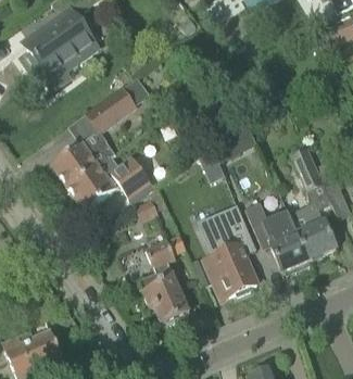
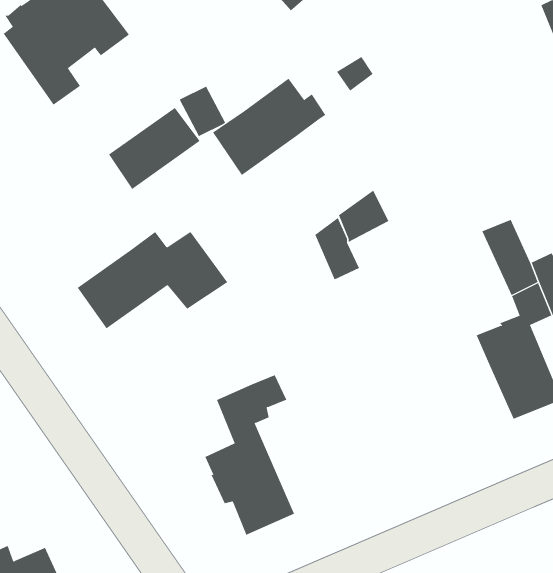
building: [52,132,115,187] -> [212,78,326,176]
building: [247,203,310,271] -> none
building: [198,204,257,294] -> none

